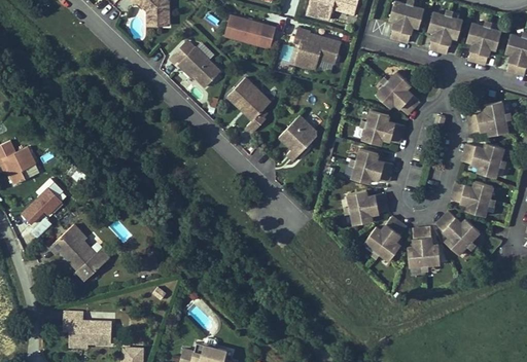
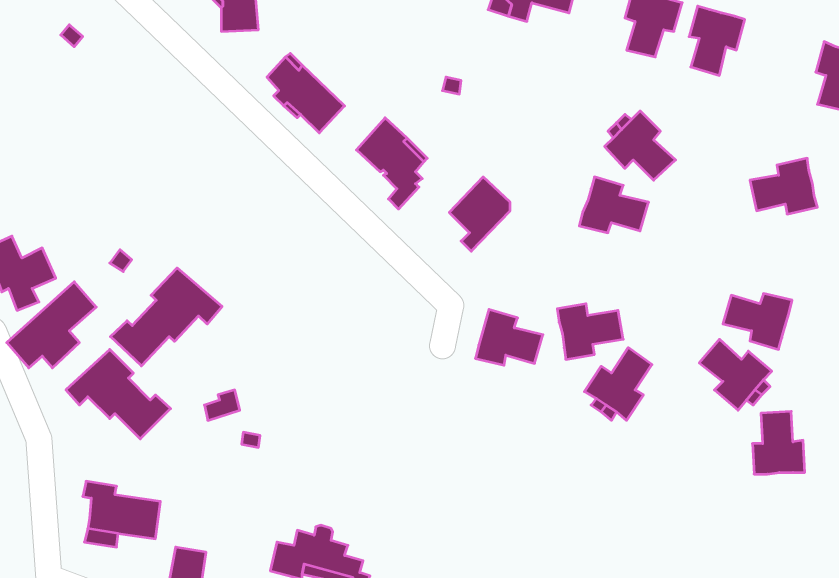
building: [224,15,276,49] -> none
building: [467,23,502,65] -> none
building: [294,30,343,70] -> none
building: [461,148,503,183] -> none
building: [352,153,393,187] -> [475,309,543,365]
building: none -> [110,268,222,366]
building: [407,230,438,268] -> [752,411,805,474]

